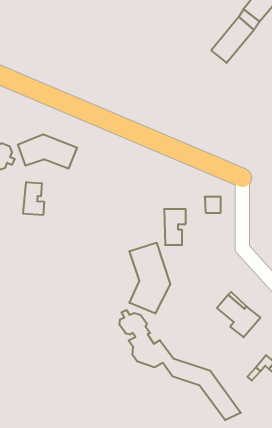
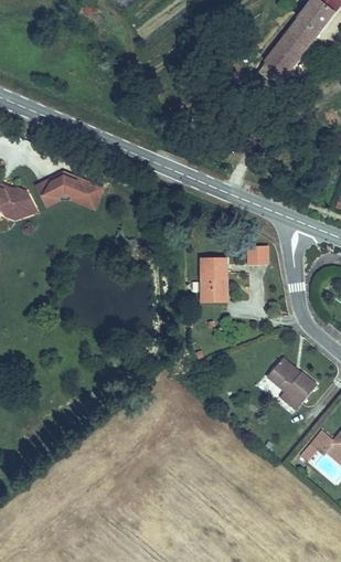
building: [23,182,44,215] -> none
building: [129,243,170,314] -> none
building: [120,310,241,420] -> none

